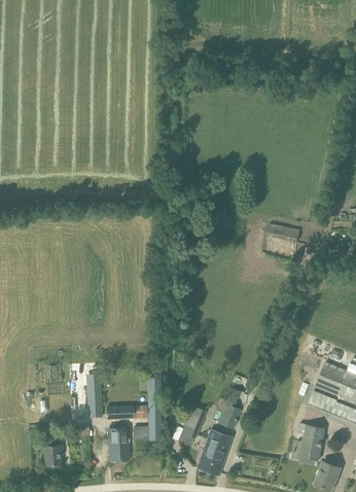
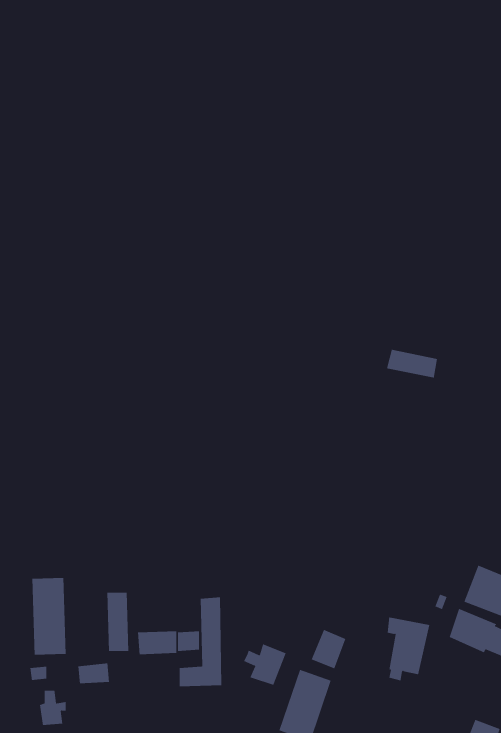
building: none -> [32,577,66,656]
building: [298,423,326,464] -> [387,617,430,681]
building: [108,427,129,460] -> none

